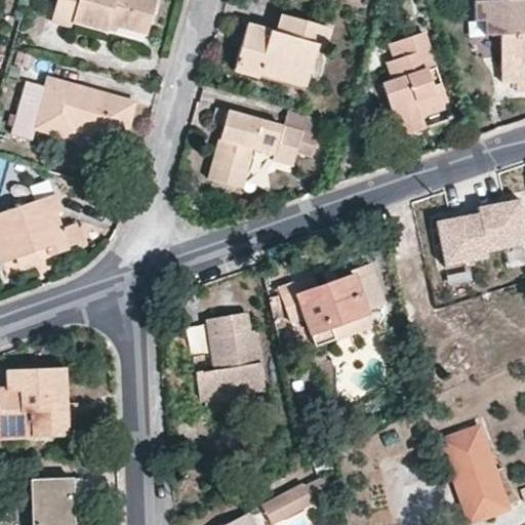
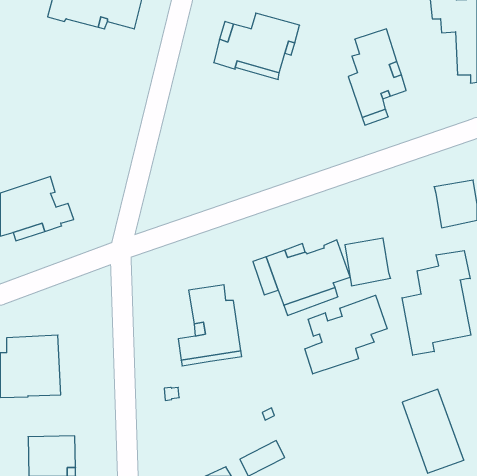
building: [10,78,132,142] -> none
building: [208,108,301,187] -> none
building: [437,212,487,265] -> [345,238,391,286]
building: none -> [402,251,471,355]
building: none -> [305,295,387,374]

